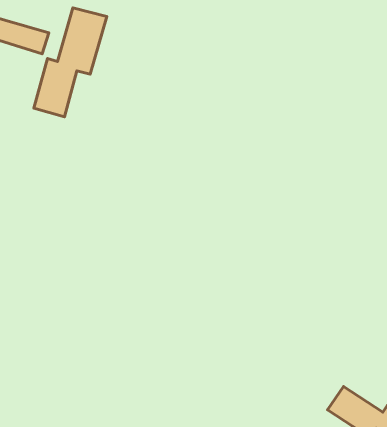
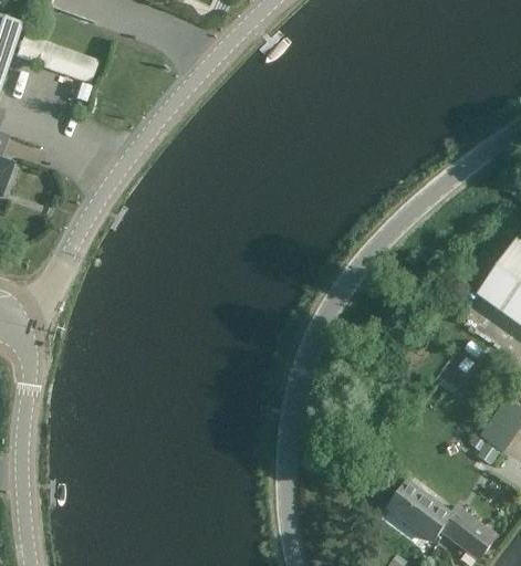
building: [34,8,107,117] -> none

